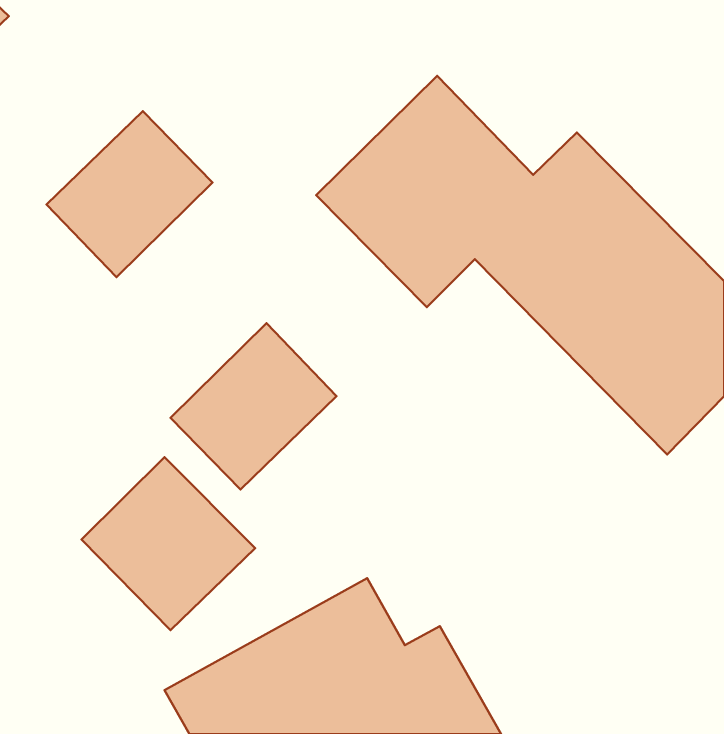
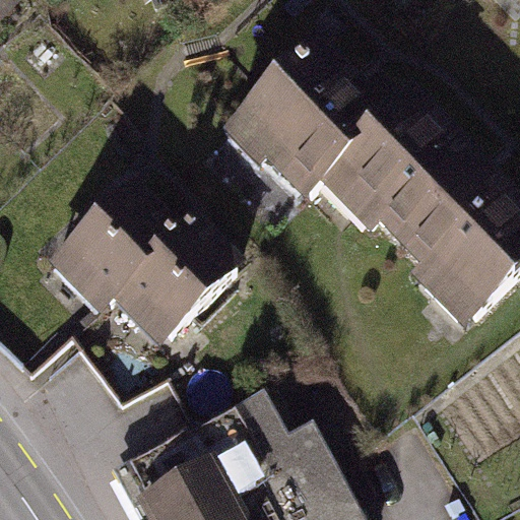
building: [47,111,213,277] -> [55,190,171,306]
building: [81,457,255,630] -> none

